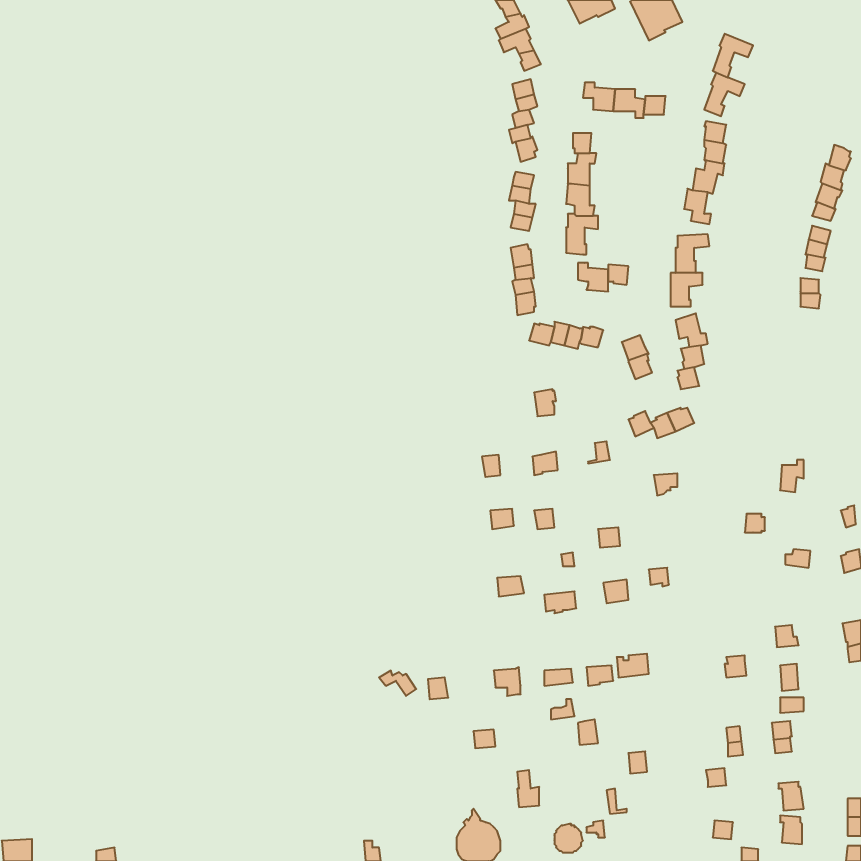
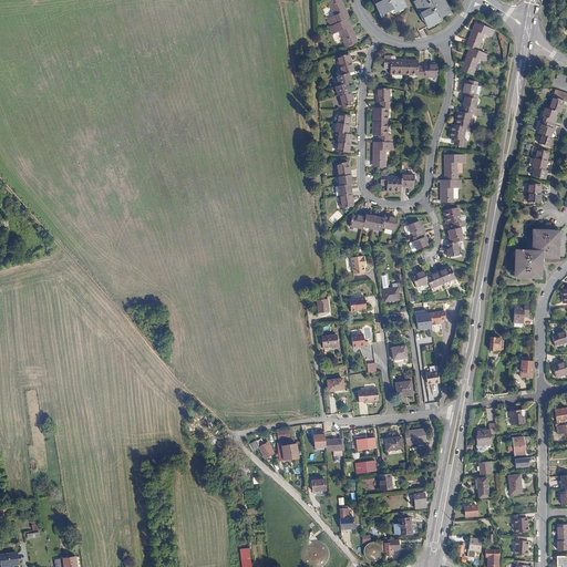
building: none -> [514,230,557,278]

